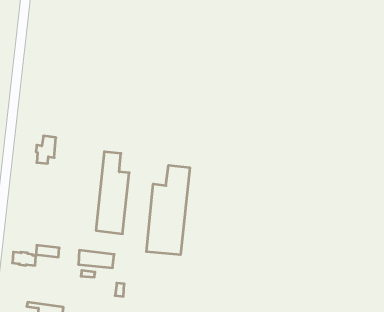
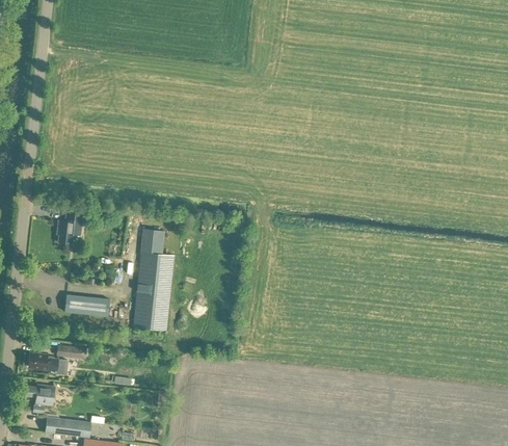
building: [146,165,190,255] -> none
building: [78,250,114,268] -> [64,294,109,316]
building: none -> [24,385,54,414]

